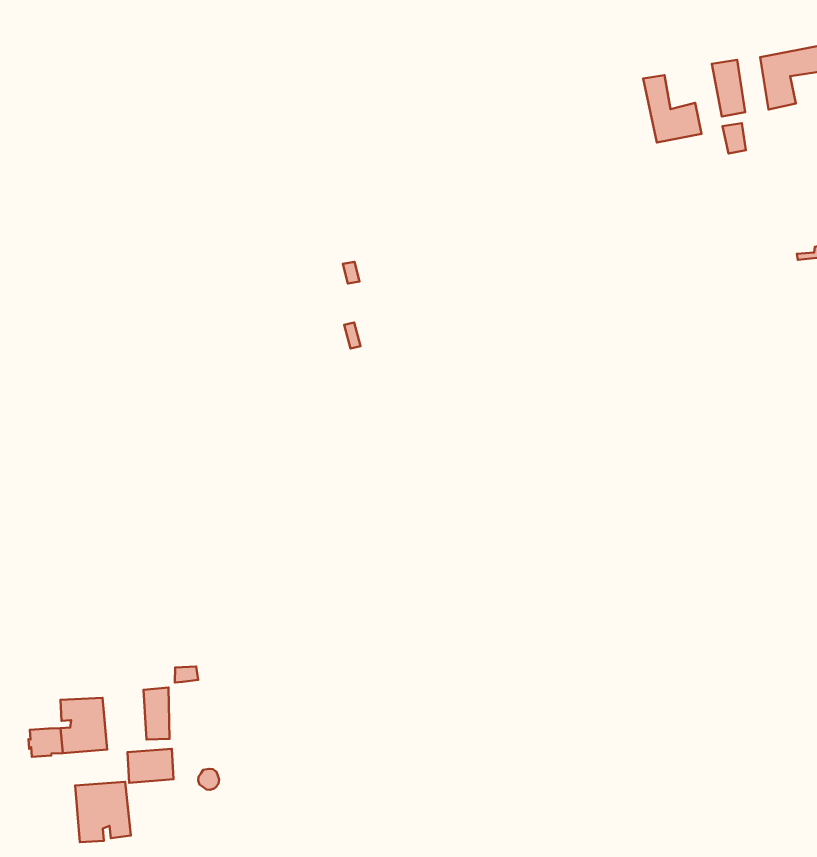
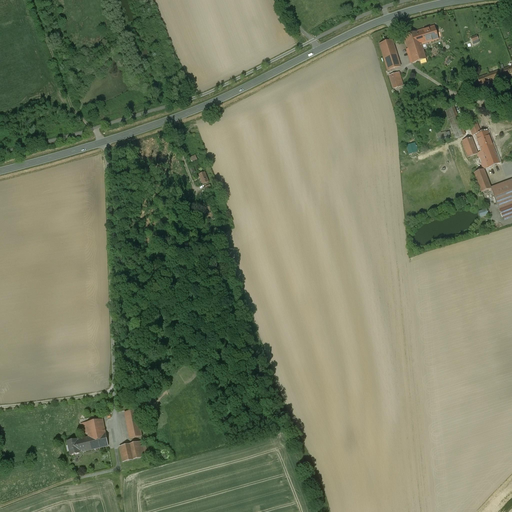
building: [643,75,702,142] -> none
building: [75,782,131,842] -> none

